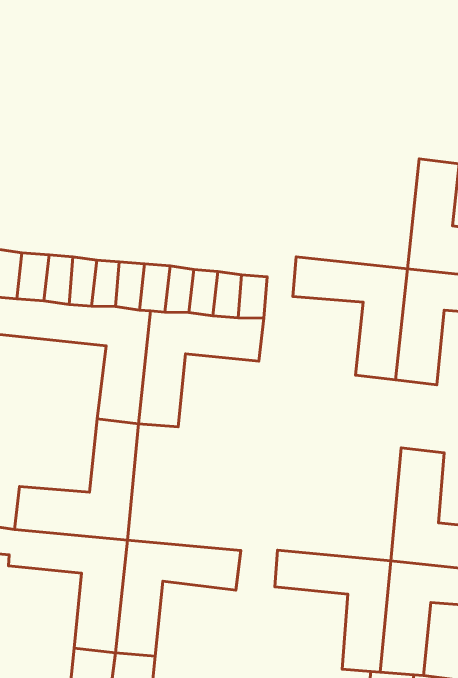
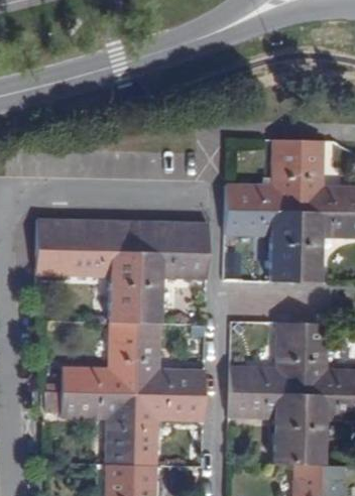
building: none -> [225,142,298,212]
building: none -> [133,323,205,397]
building: none -> [228,324,301,396]

